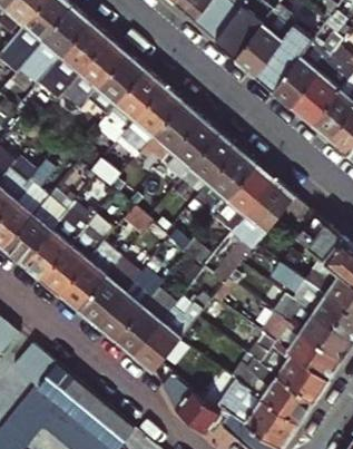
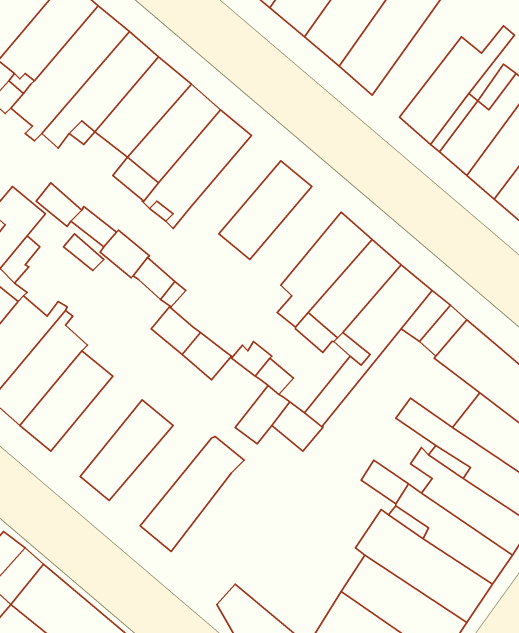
building: [256,26,312,90] -> none
building: [145,101,200,162] -> none
building: [182,133,237,193] -> none
building: [60,248,116,310] -> none
building: [96,272,158,340] -> none
building: [134,308,190,371] -> none

